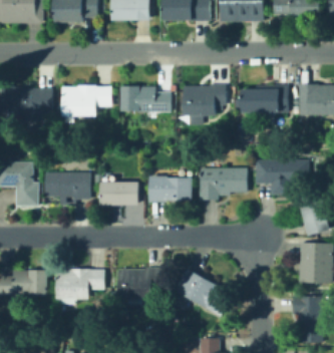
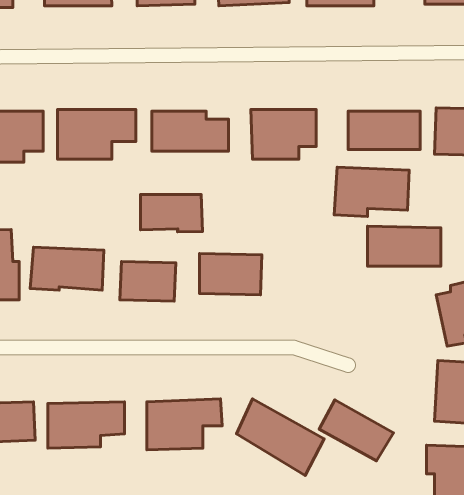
building: none -> [140,194,202,232]
building: [199,167,246,199] -> [334,167,409,217]
building: none -> [319,400,394,461]

